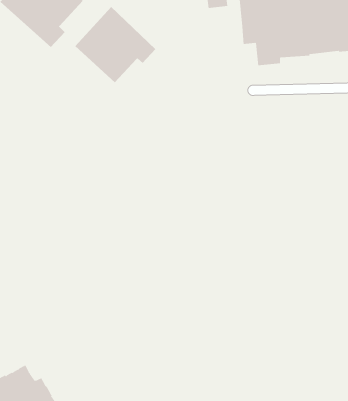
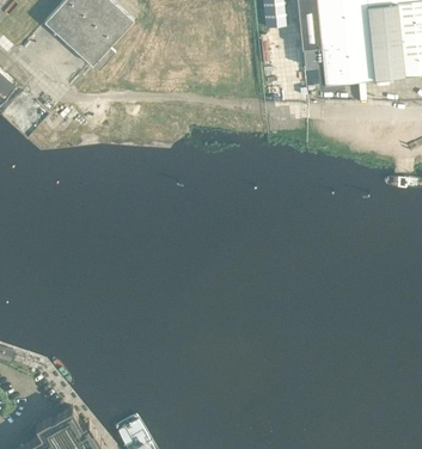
building: [74,6,156,83] -> none

